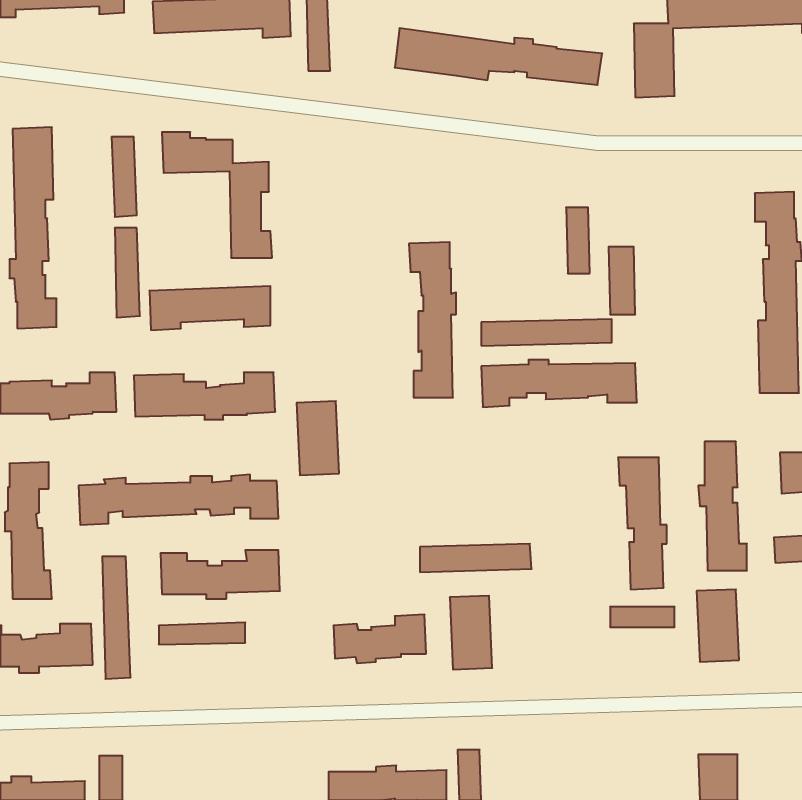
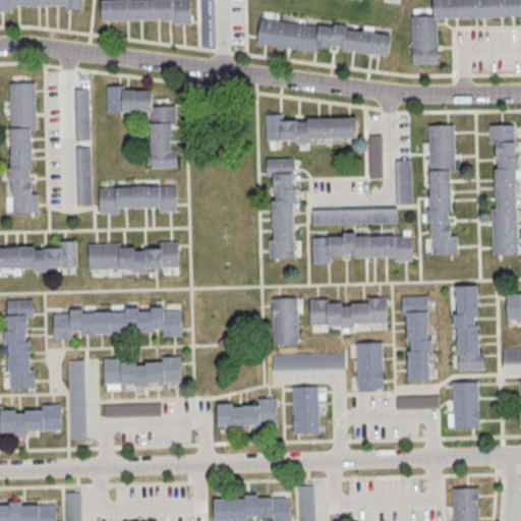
building: none -> [265,114,357,143]
building: none -> [427,124,458,254]
building: [297,401,339,475] -> [271,297,298,345]
building: none -> [311,297,388,329]
building: none -> [356,343,384,390]

